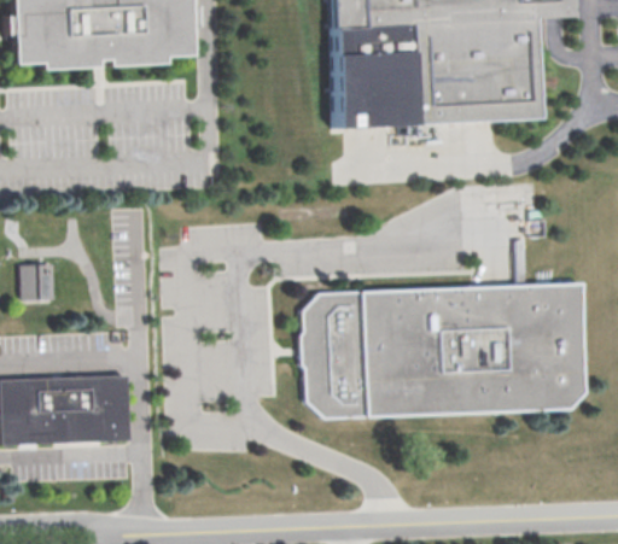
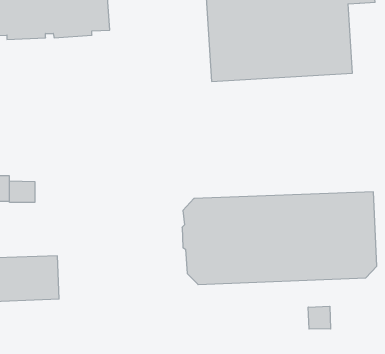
building: none -> [10,181,35,202]
building: none -> [308,306,331,329]

